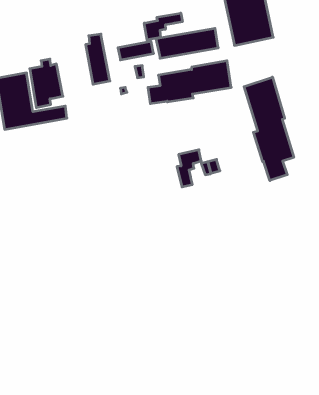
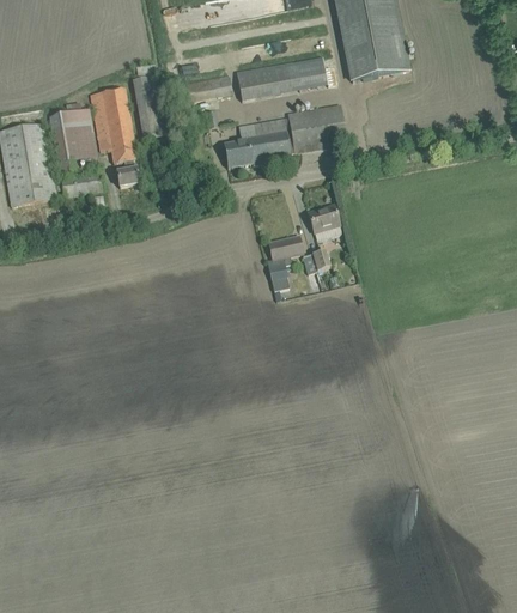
building: [144,13,182,40] -> none
building: none -> [90,86,138,186]
building: [244,77,294,181] -> none
building: none -> [308,204,341,239]

